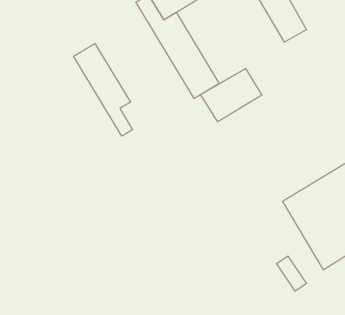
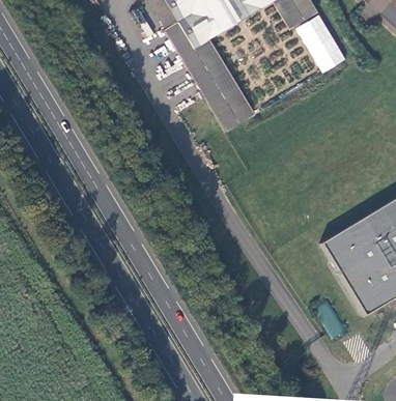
building: [74,44,133,136] -> none
building: [201,68,262,122] -> none

